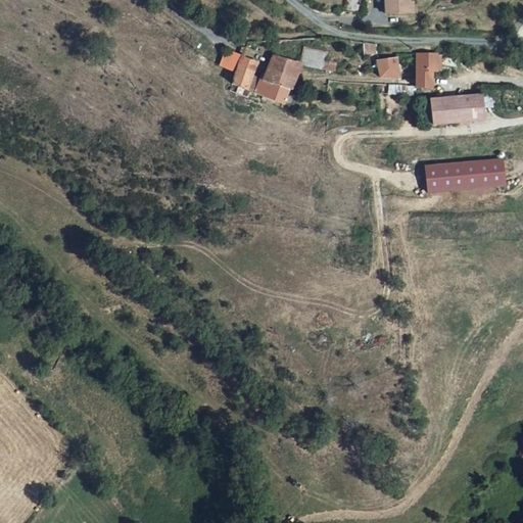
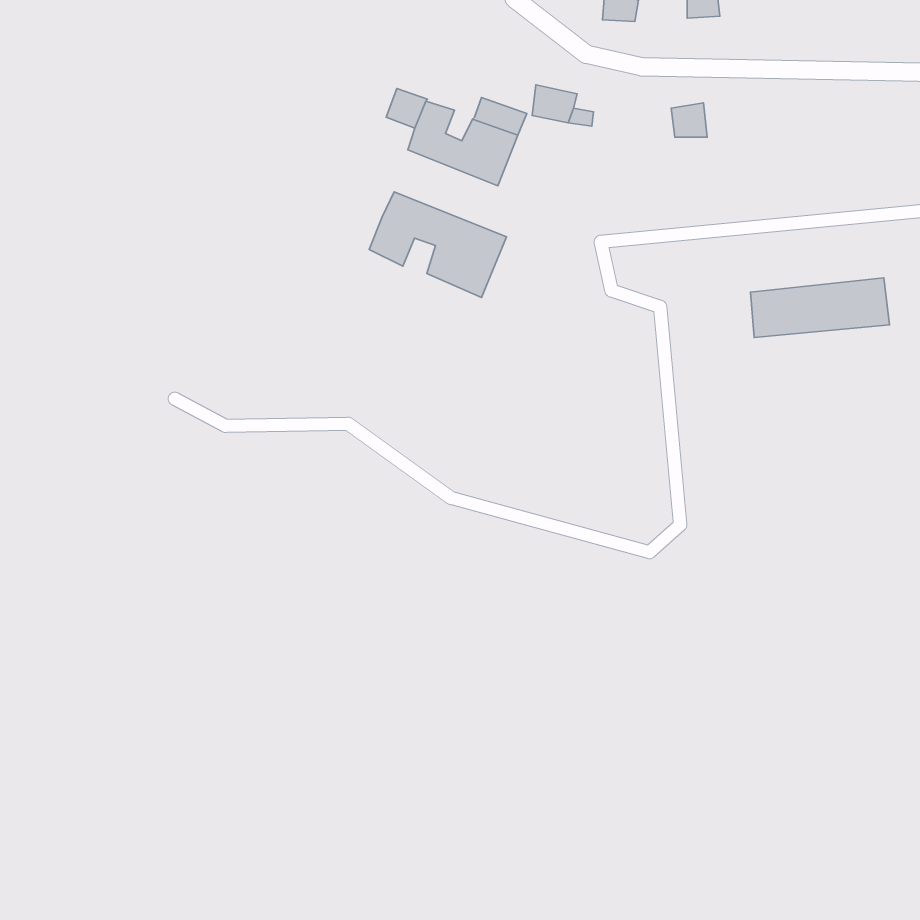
building: [419,55,440,89] -> none
building: [424,92,487,126] -> none
building: none -> [369,192,506,298]

